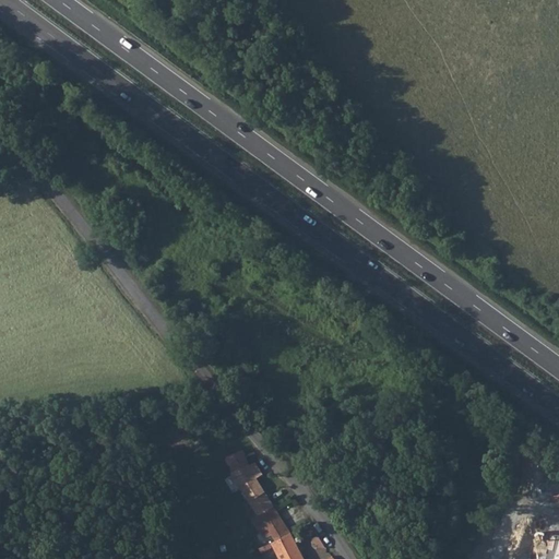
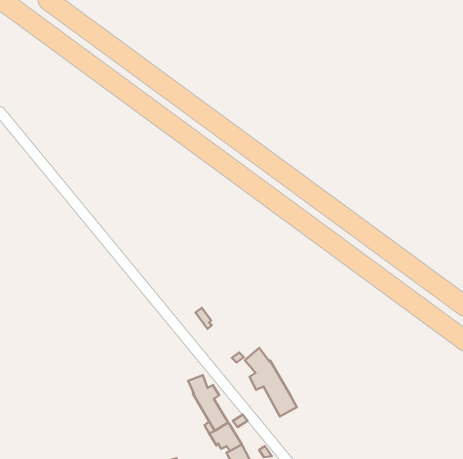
building: none -> [245,348,297,417]

